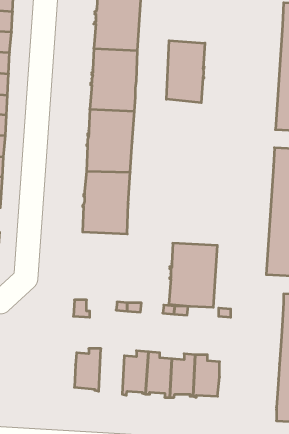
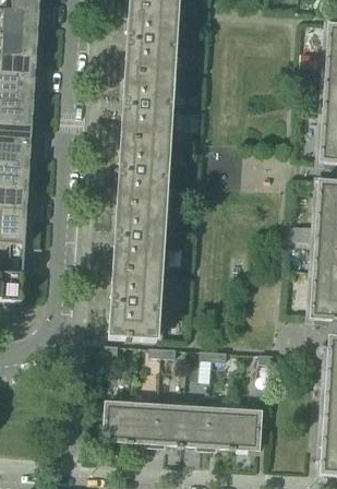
building: [166,41,205,103] -> none
building: [169,243,217,307] -> [109,271,161,339]
building: none -> [131,396,158,445]

